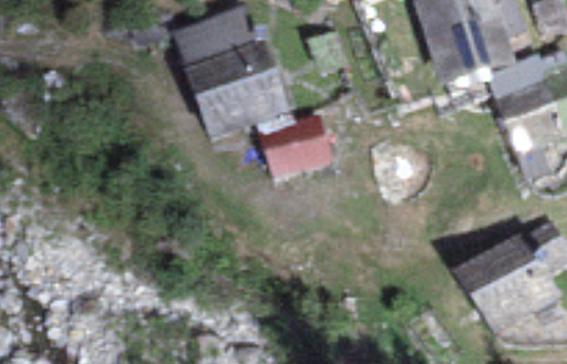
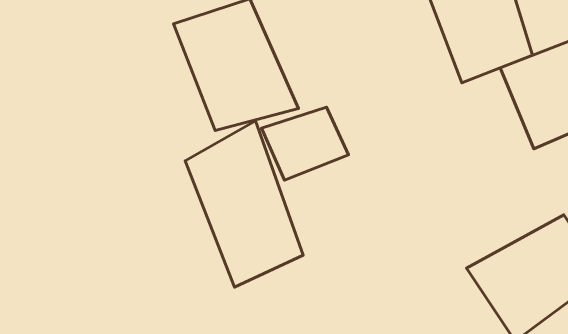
building: none -> [185,121,303,287]

